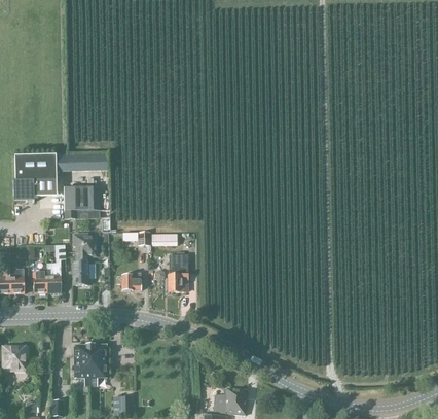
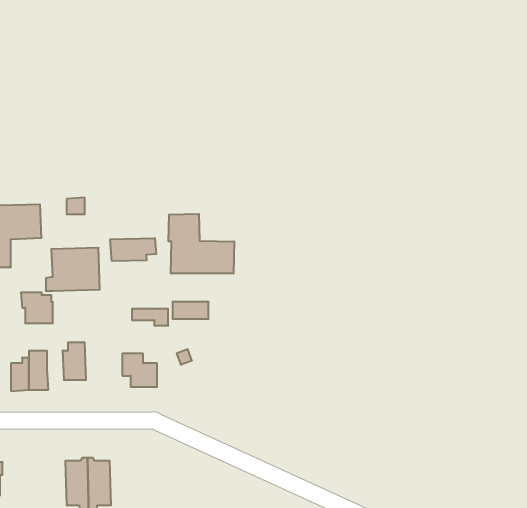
building: none -> [168,214,234,274]
building: none -> [110,238,156,261]
building: [73,235,97,257] -> [21,292,53,323]
building: [168,255,188,292] -> none

